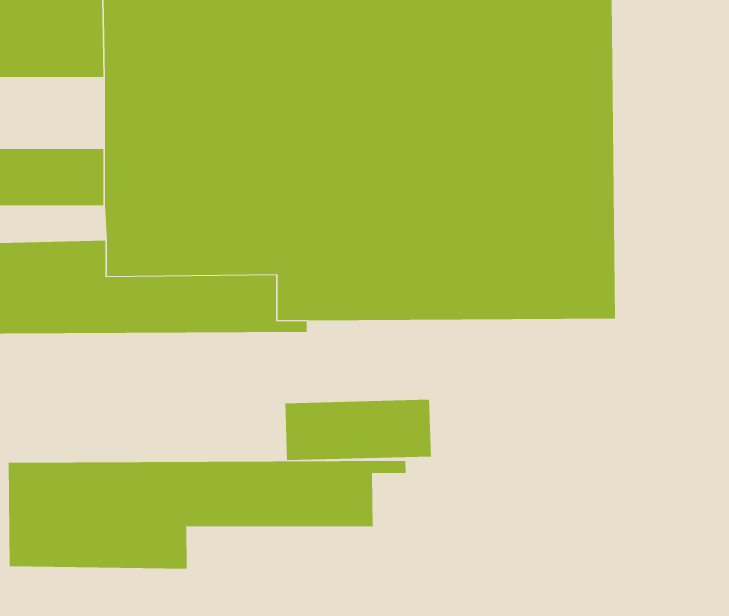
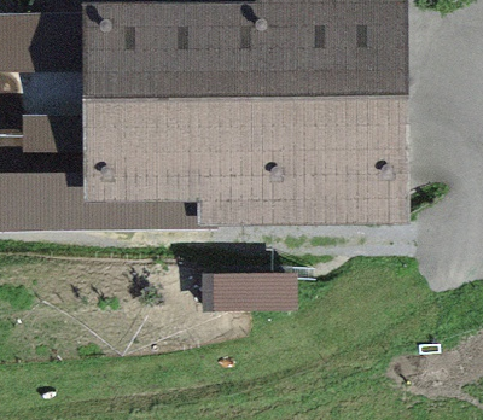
building: [8,460,406,569] -> none

